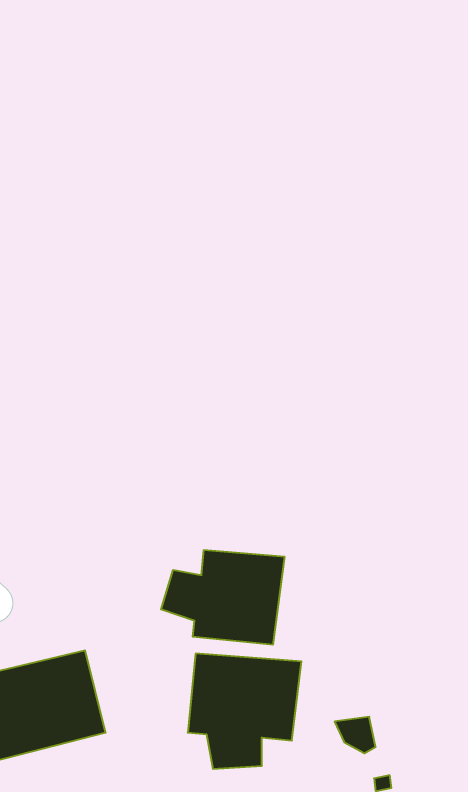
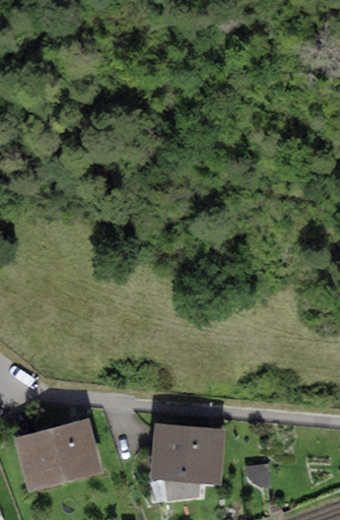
building: [161,550,284,645] -> none

